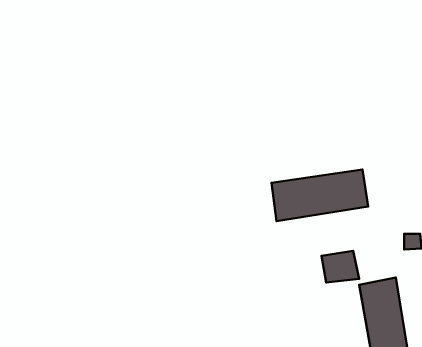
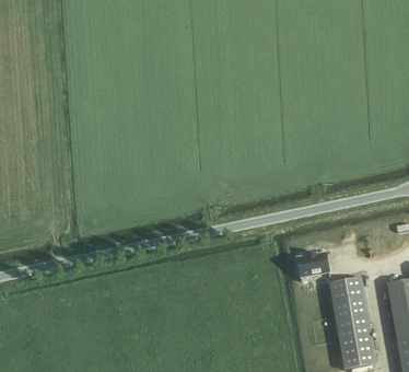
building: [272,170,368,221] -> none

